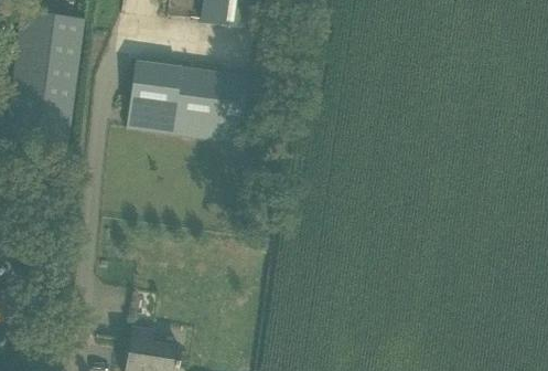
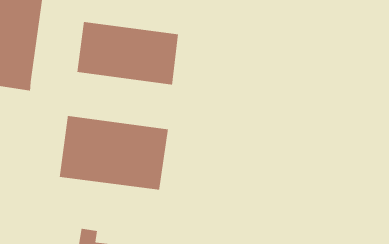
building: none -> [59,115,169,191]

